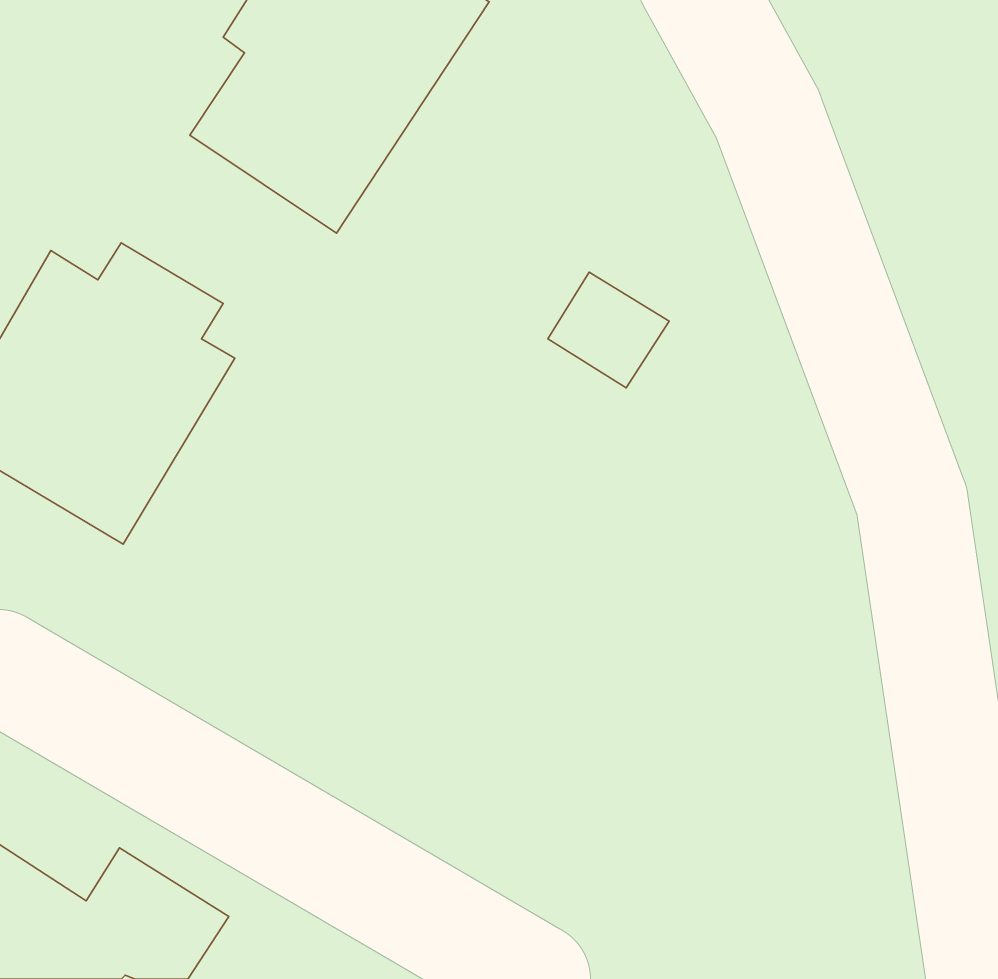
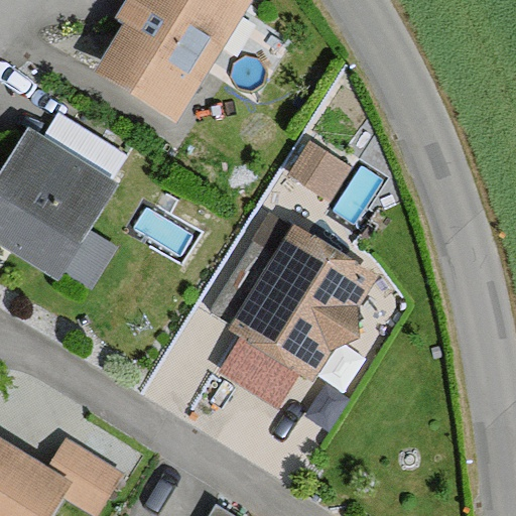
building: none -> [217,226,377,408]

